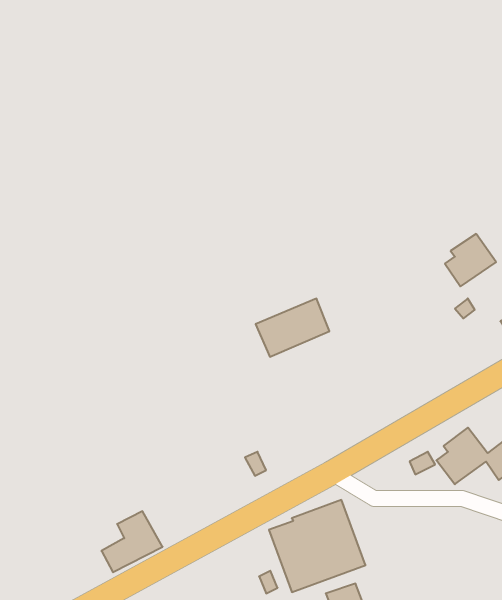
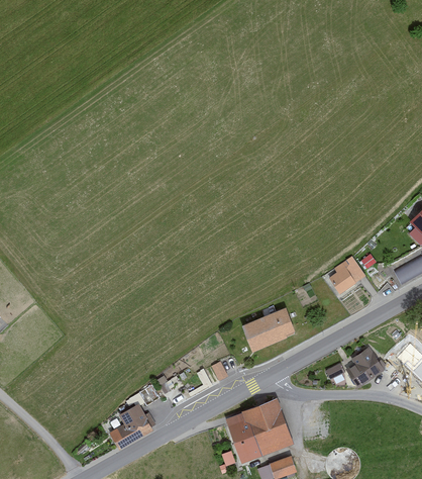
building: [445,234,496,286] -> [328,257,364,294]
building: [256,299,329,357] -> [240,309,293,351]

